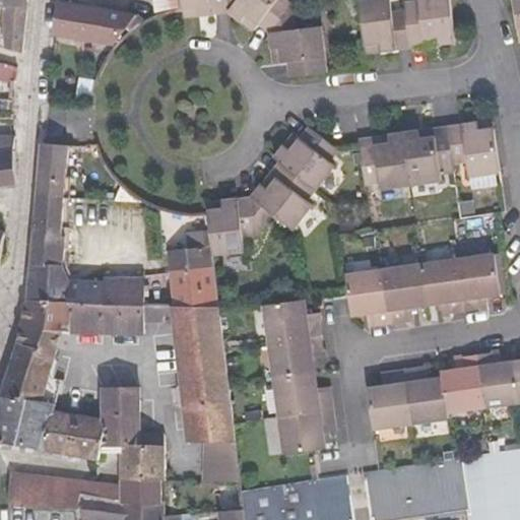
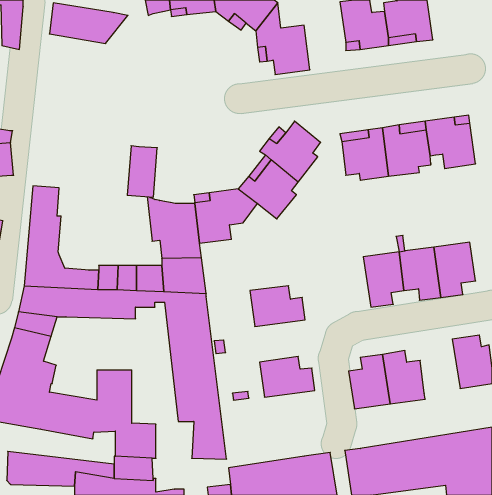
building: [35,143,66,197] -> [127,146,157,197]
building: [343,269,389,325] -> none
building: [267,335,323,380] -> none
building: [440,355,482,412] -> none
building: [277,409,333,454] -> none

